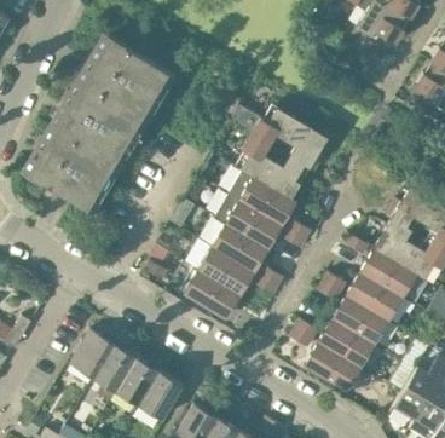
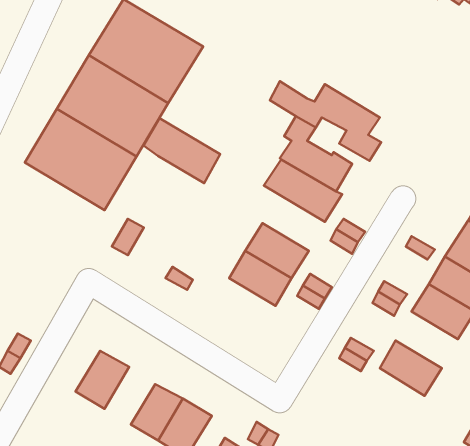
building: [212,192,276,247] -> [143,118,220,183]
building: [183,270,235,316] -> none
building: [335,298,387,345] -> none
building: [92,344,134,403] -> none
building: [307,345,359,391] -> none

